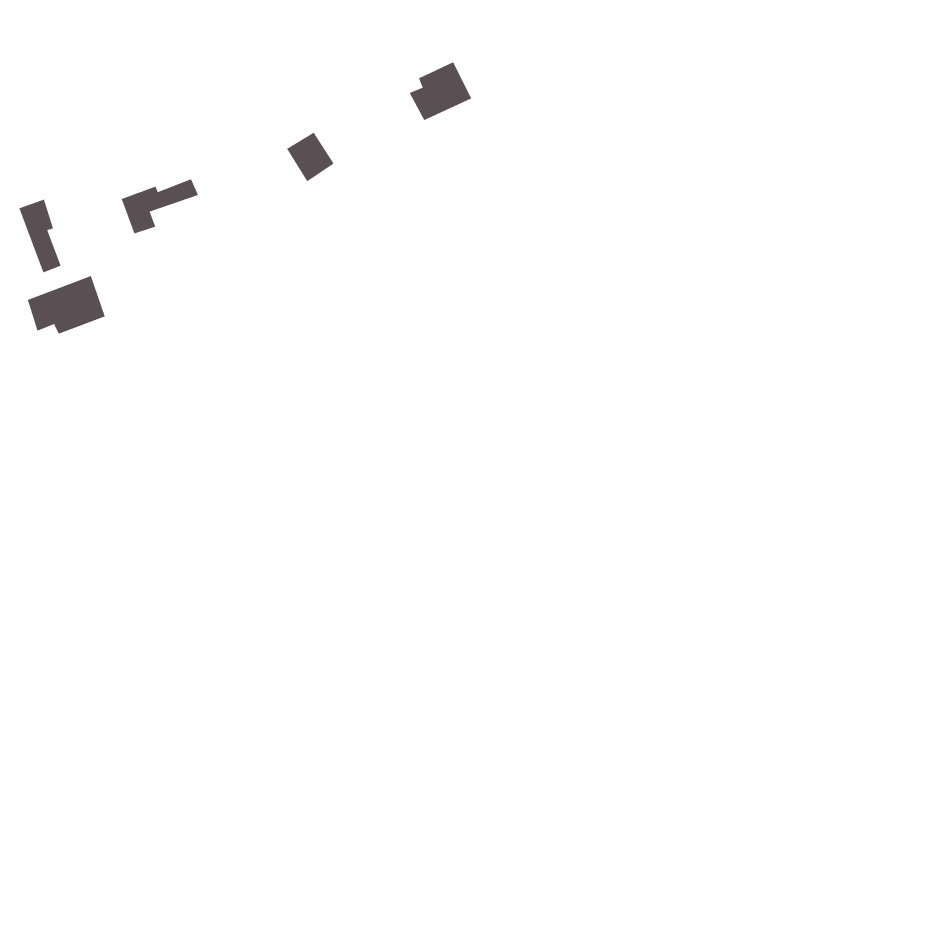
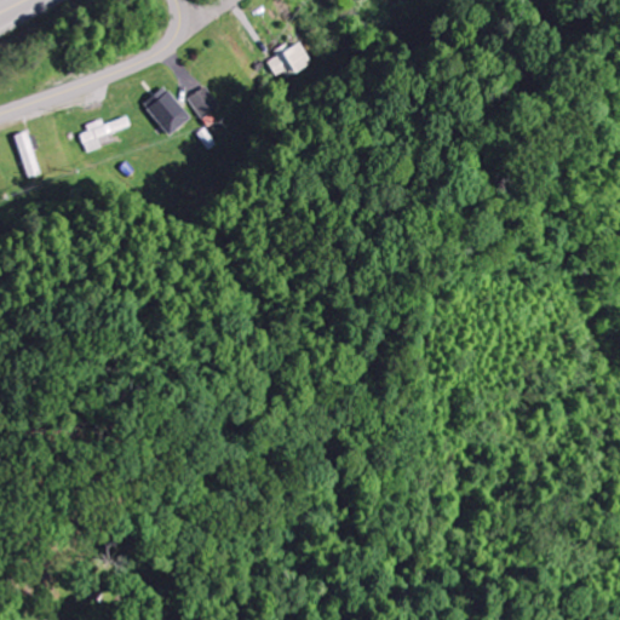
building: none -> [142,86,189,136]
building: [27,275,106,334] -> none

